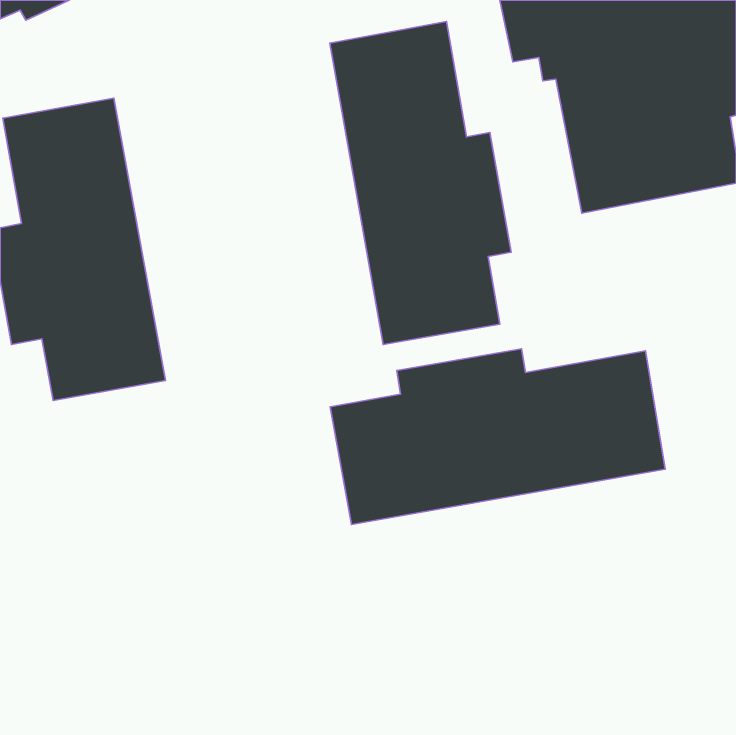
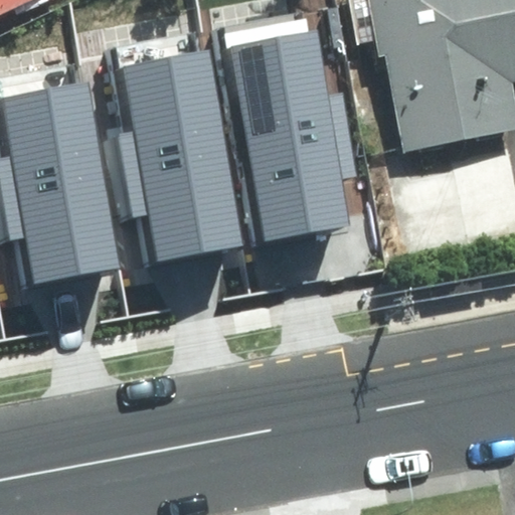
building: none -> [115,35,236,261]
building: [330,349,665,525] -> none

